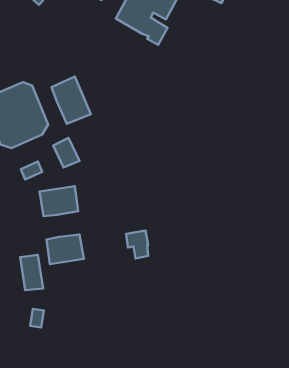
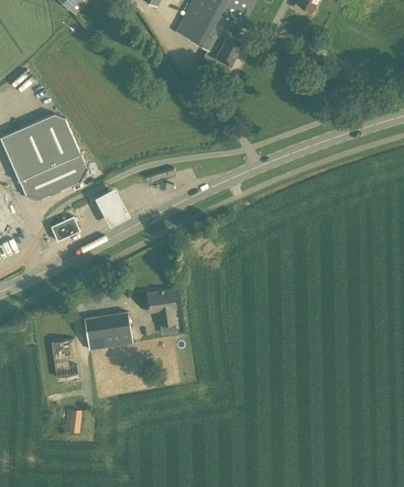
building: [51,77,91,124] -> none
building: [39,186,78,216] -> none
building: [126,231,148,258] -> [148,290,176,326]

